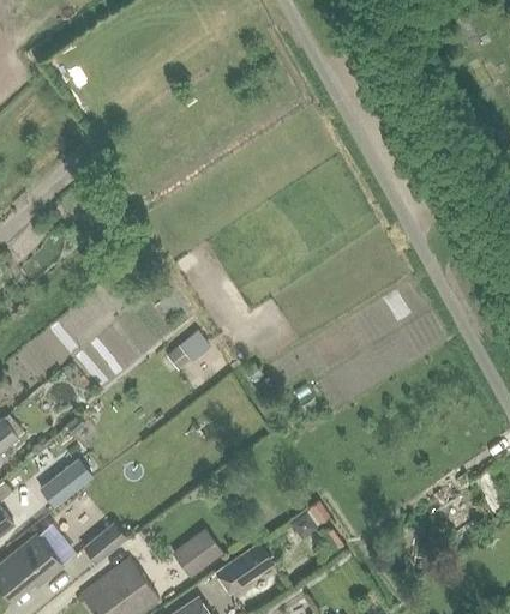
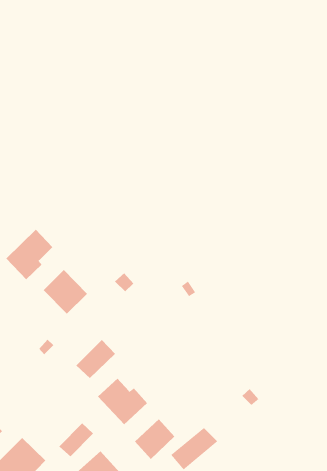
building: none -> [5,229,53,280]
building: [37,453,88,500] -> [76,339,116,379]
building: none -> [97,378,148,425]

